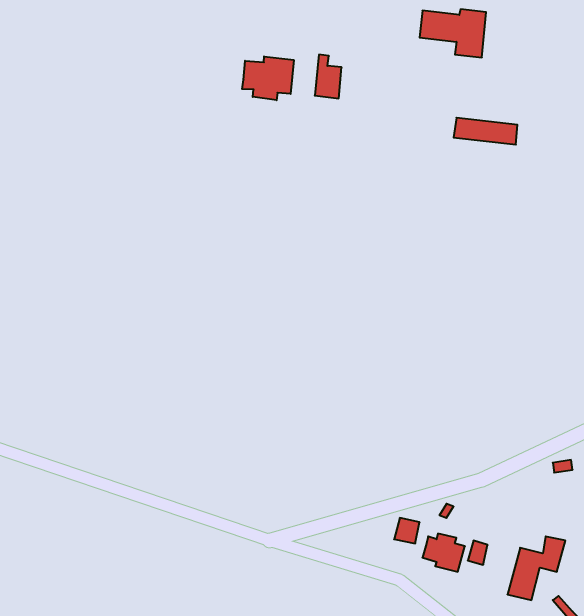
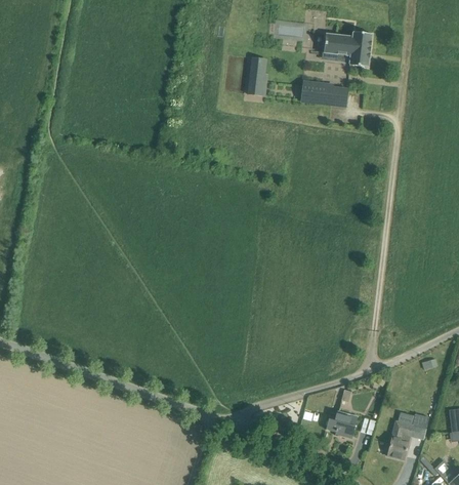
building: [242,56,294,100] -> none
building: [454,118,517,145] -> [301,86,347,106]

